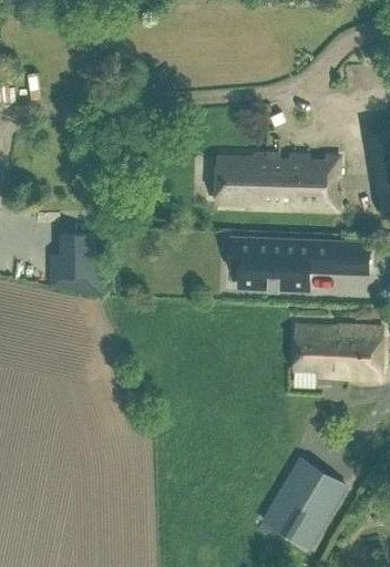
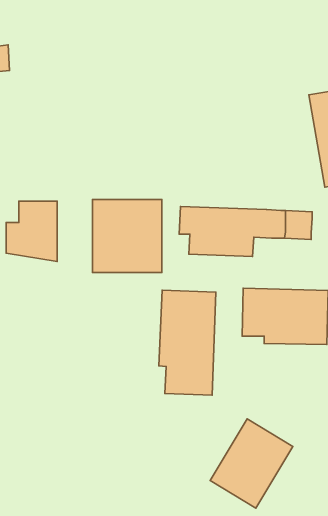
building: [214,155,340,209] -> none
building: none -> [92,199,162,273]
building: none -> [159,290,216,395]

